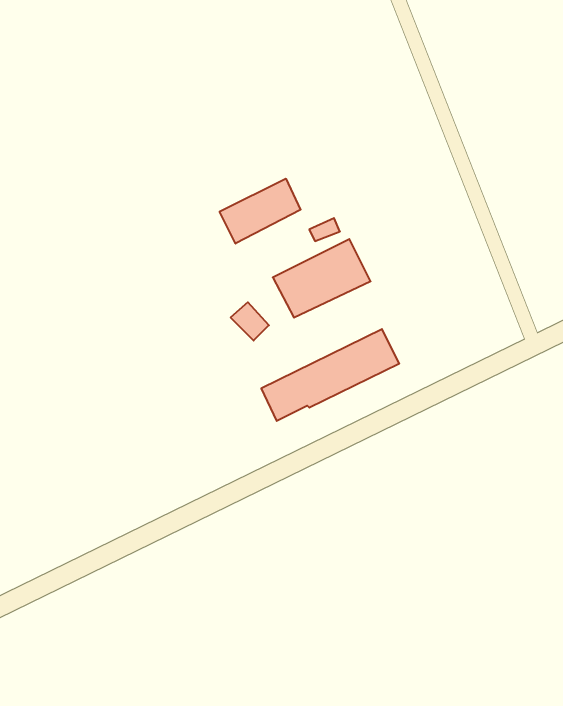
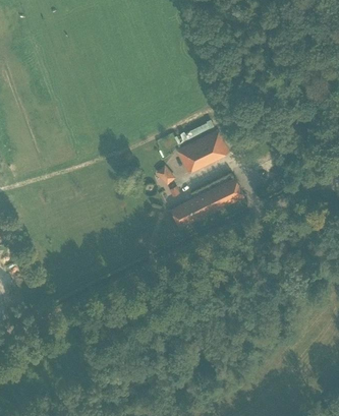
building: [220,179,301,244] -> none

